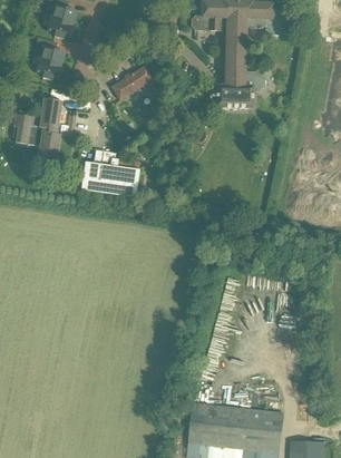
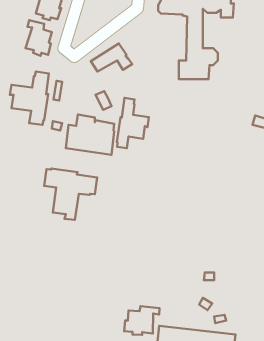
building: none -> [117,98,149,148]
building: none -> [44,168,97,220]
building: none -> [124,306,159,335]

